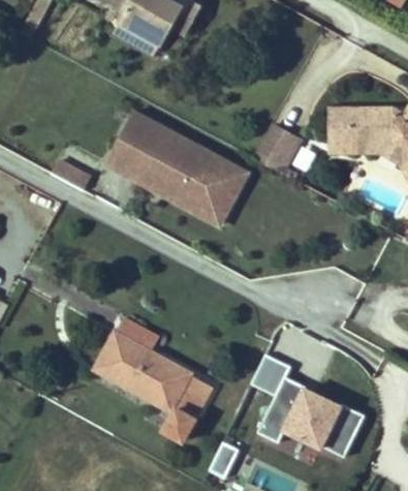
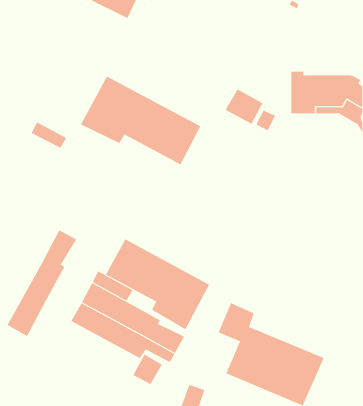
building: [148,165,248,224] -> none
building: none -> [7,230,77,337]
building: none -> [105,238,210,330]

